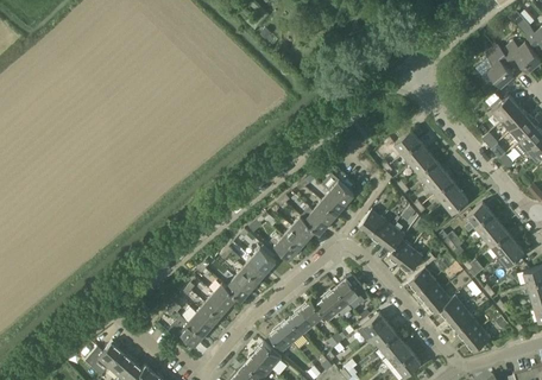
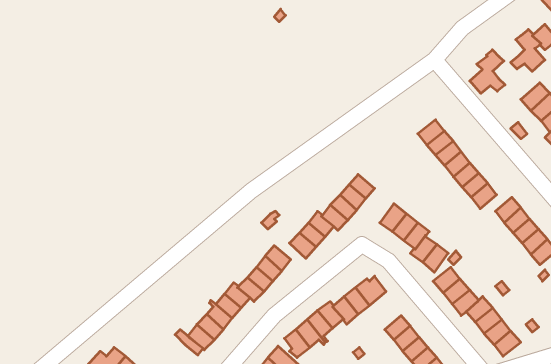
building: none -> [470,50,505,93]

